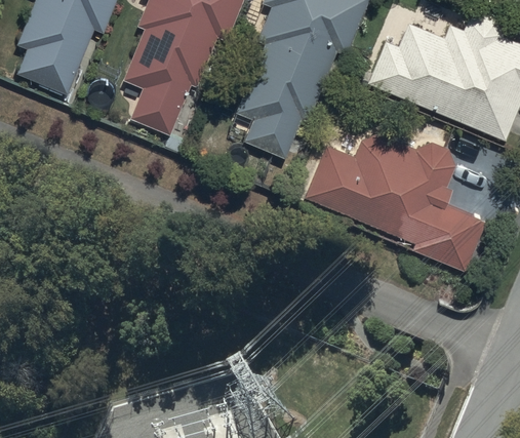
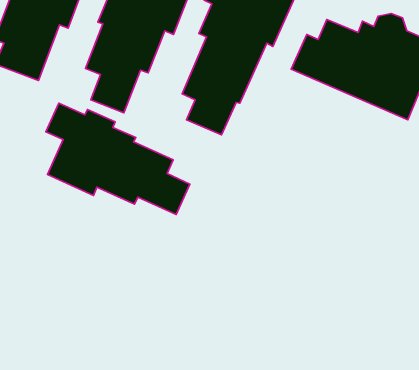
building: none -> [46,103,190,215]
building: [304,134,486,272] -> none

